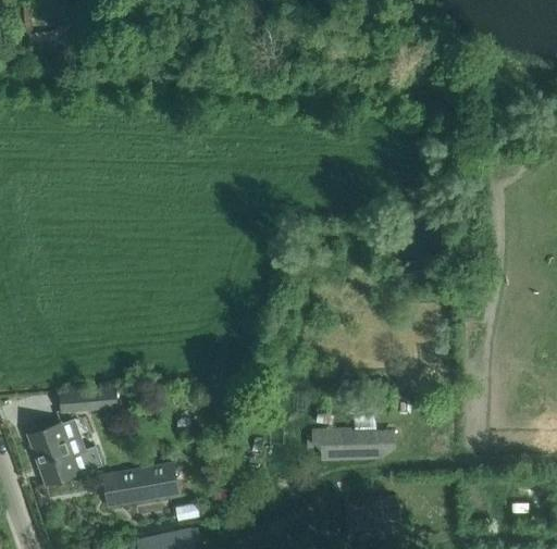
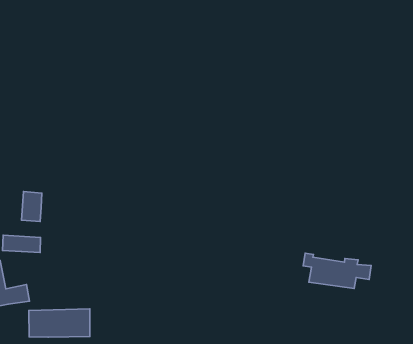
building: none -> [22,192,42,222]
building: [315,425,394,460] -> [303,253,371,288]

